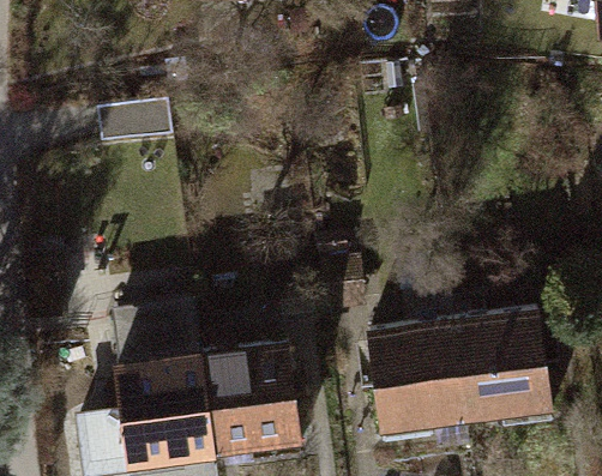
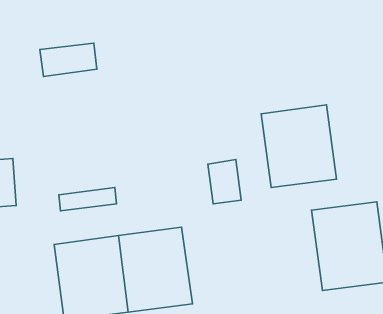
building: none -> [261,105,337,187]
building: [373,318,472,436] -> none

